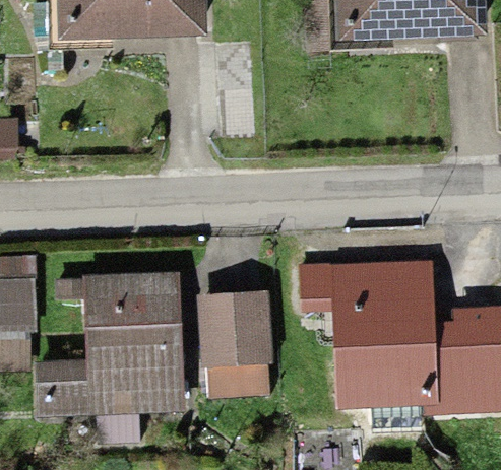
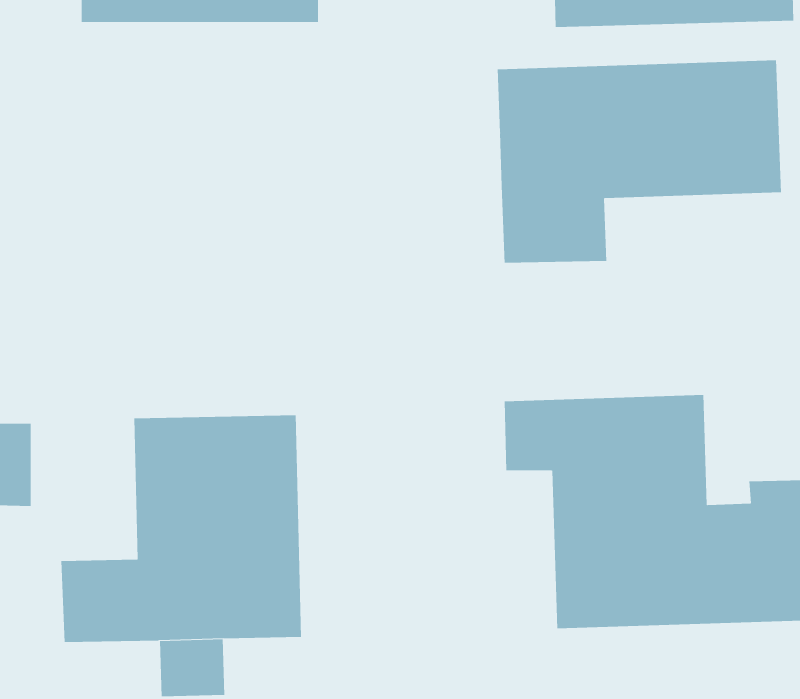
building: none -> [497,59,782,264]
building: [199,293,266,396] -> none

